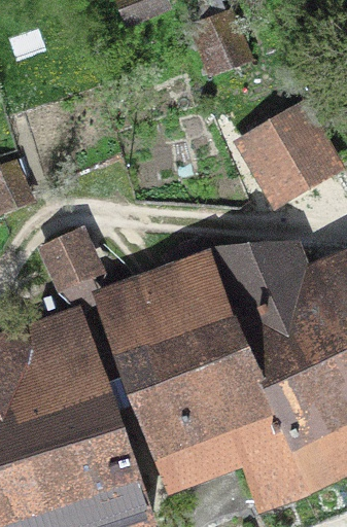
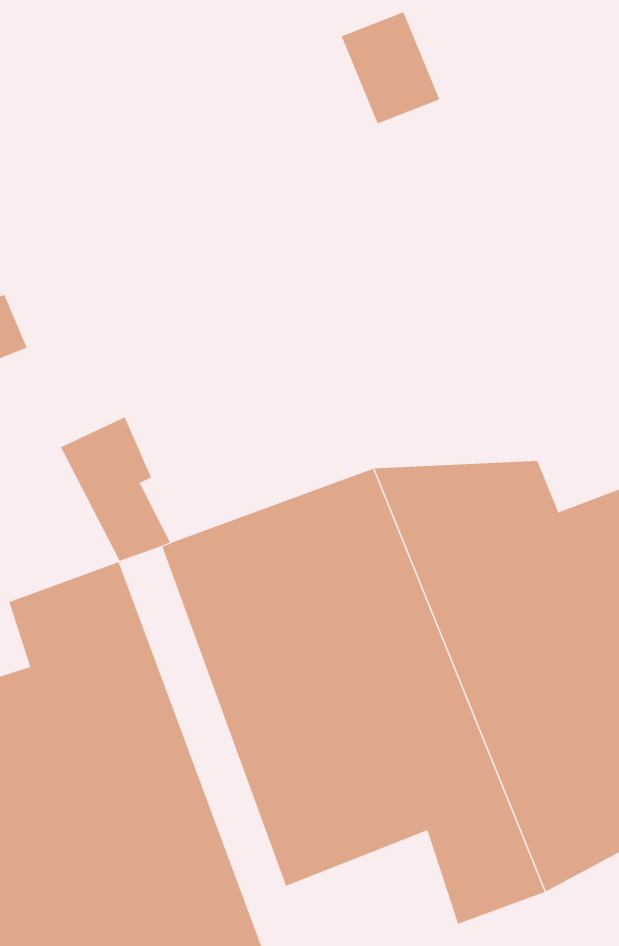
building: [244,110,334,201] -> none

